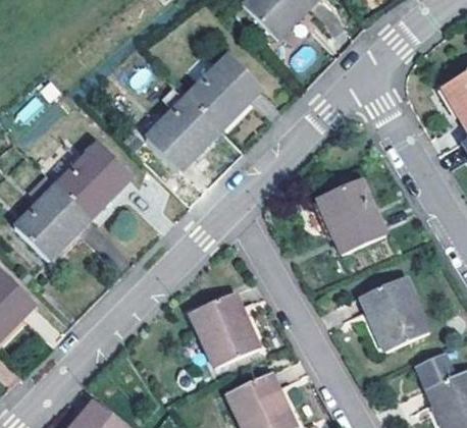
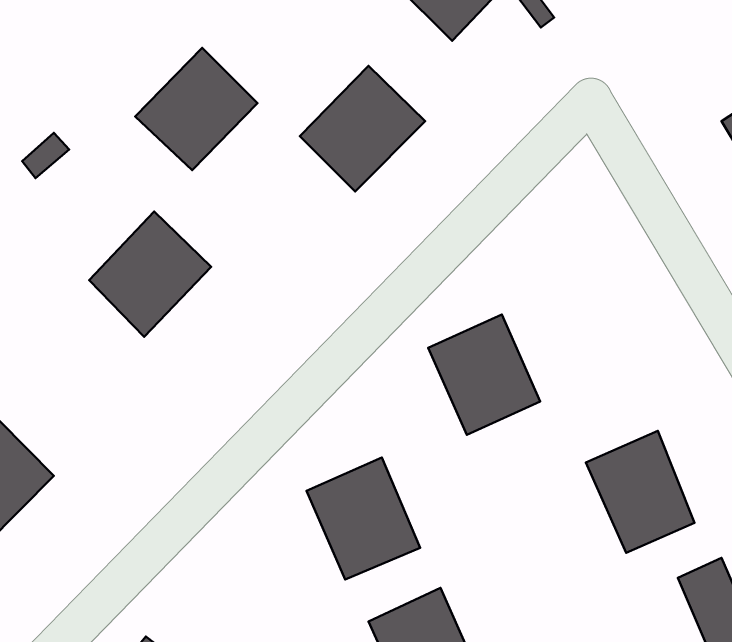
building: [145,97,219,171] -> [135,48,257,170]
building: [15,175,91,260] -> none
building: [317,180,385,254] -> [428,314,540,435]

